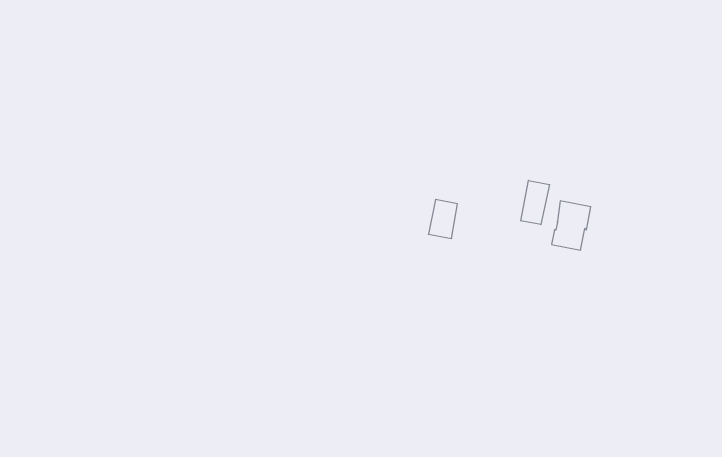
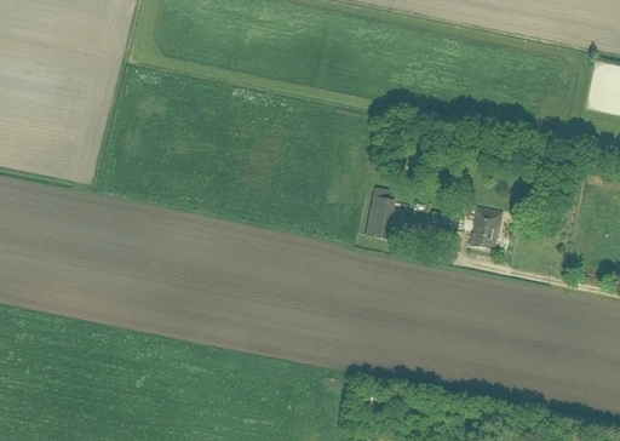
building: [521,180,550,225] -> none

